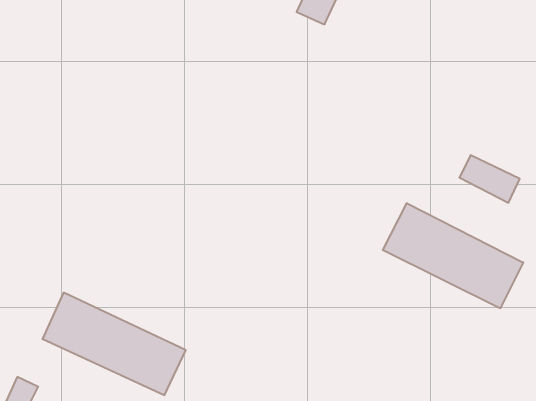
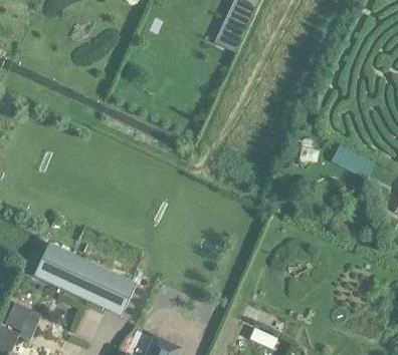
building: [383,203,523,308] -> none

